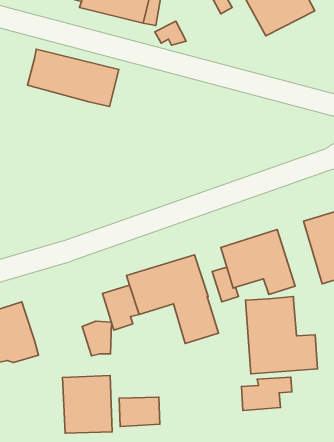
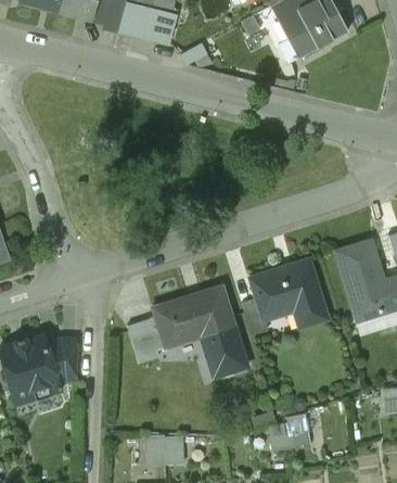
building: [27,49,119,107] -> none
building: [245,297,317,374] -> none
building: [82,321,111,356] -> [47,339,77,374]
building: [62,376,112,433] -> none

